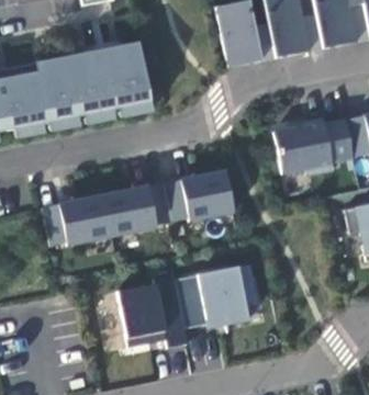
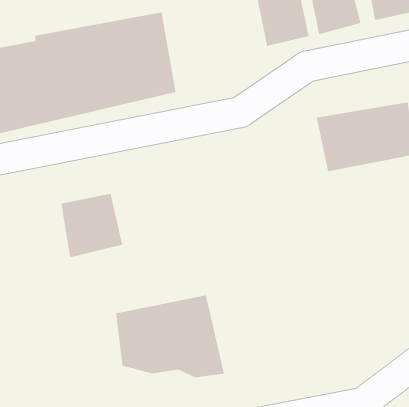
building: [175,169,234,222] -> none
building: [97,182,170,237] -> none
building: [191,263,260,329] -> none

